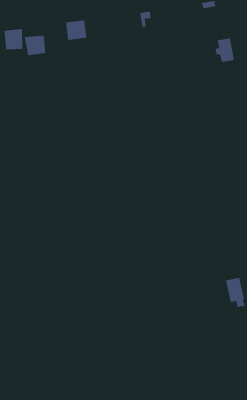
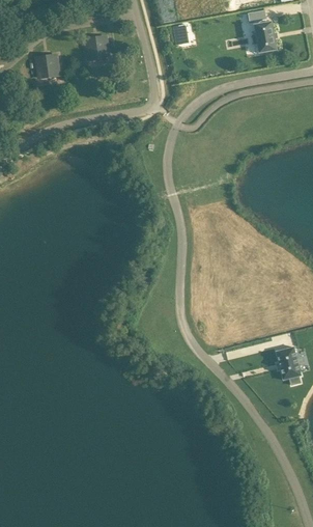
building: [4,28,23,50] -> none
building: [214,37,235,63] -> [251,22,276,53]

